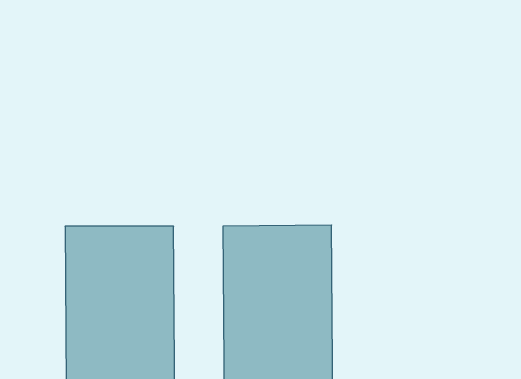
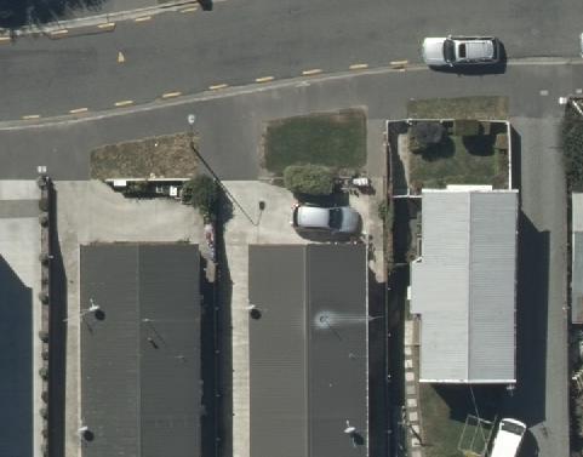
building: none -> [411,200,513,392]

